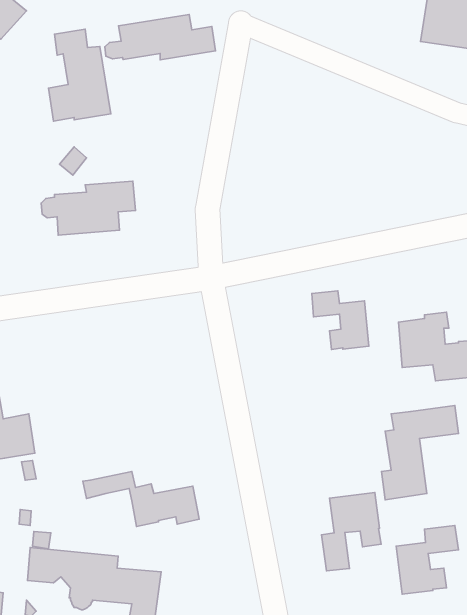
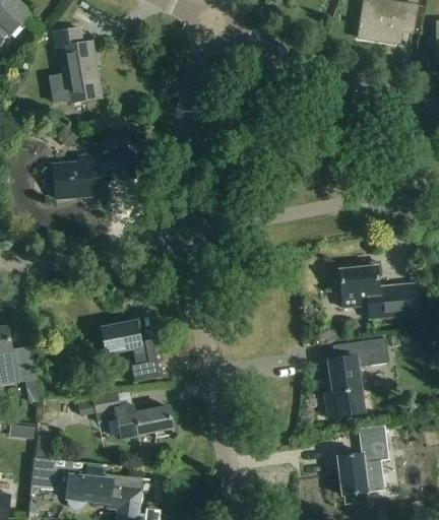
building: [105,15,216,60] -> none
building: [312,291,369,350] -> none
building: none -> [100,319,163,381]
building: [322,493,381,571] -> none

